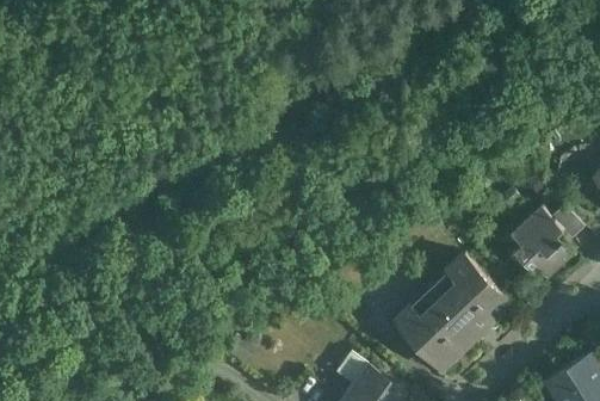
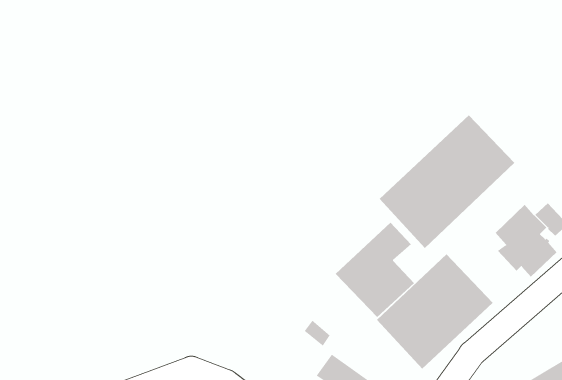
building: none -> [379,114,515,249]
building: none -> [335,222,415,318]

